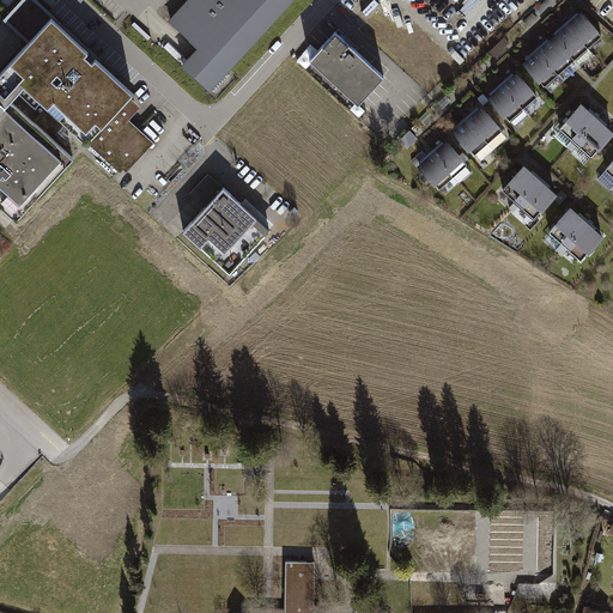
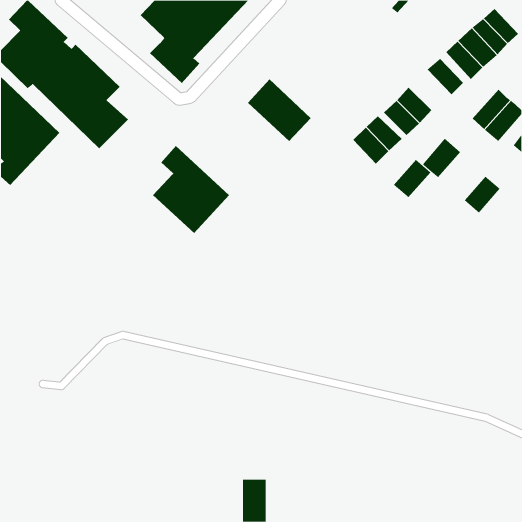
building: [311,30,387,104] -> [247,78,312,142]
building: [485,81,529,126] -> none
building: [514,178,558,224] -> [393,159,431,198]
building: [562,221,603,265] -> none

